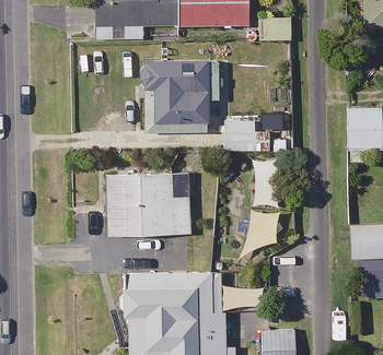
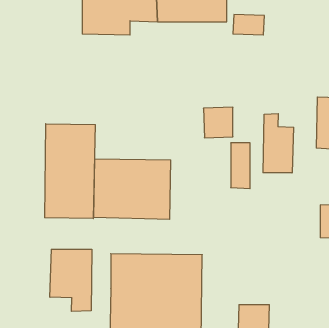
building: [142,59,219,131] -> none
building: none -> [263,114,294,173]
building: none -> [45,124,95,219]
building: none -> [50,249,92,311]

